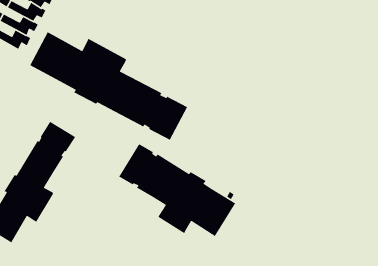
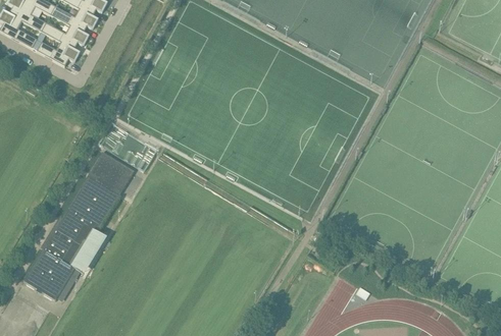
building: [29,31,188,141] -> none
building: [118,143,236,237] -> none

